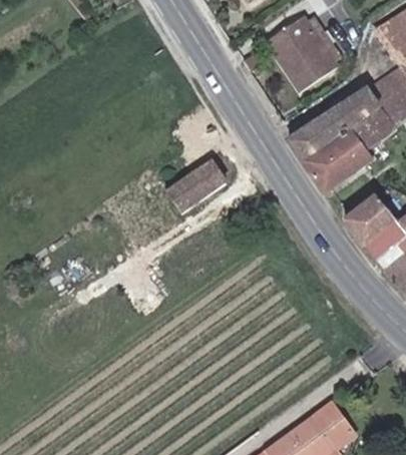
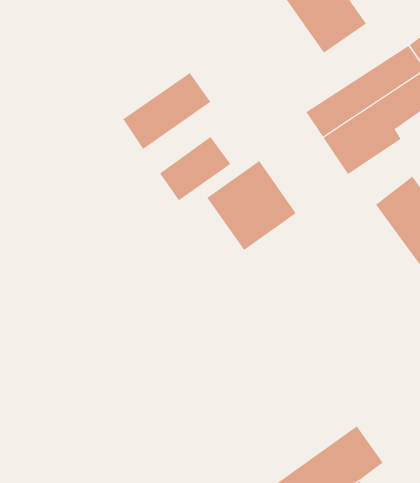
building: none -> [122,72,211,150]
building: none -> [207,160,297,251]

